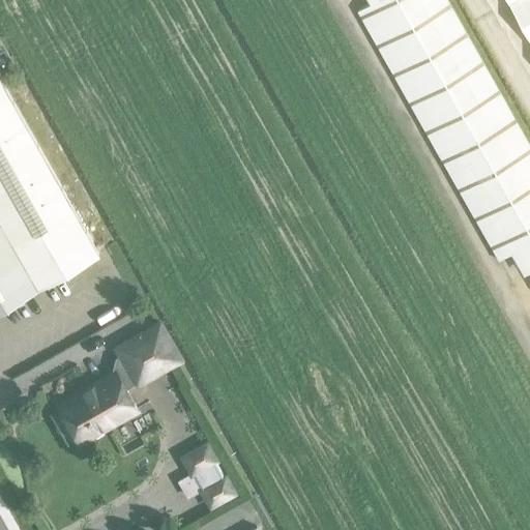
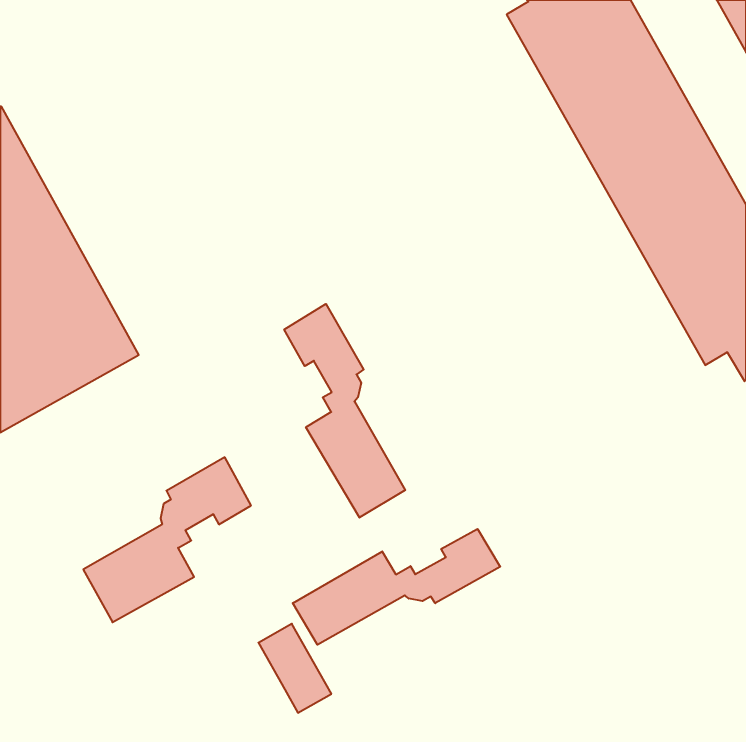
building: none -> [284,304,405,518]
building: none -> [293,529,500,645]

